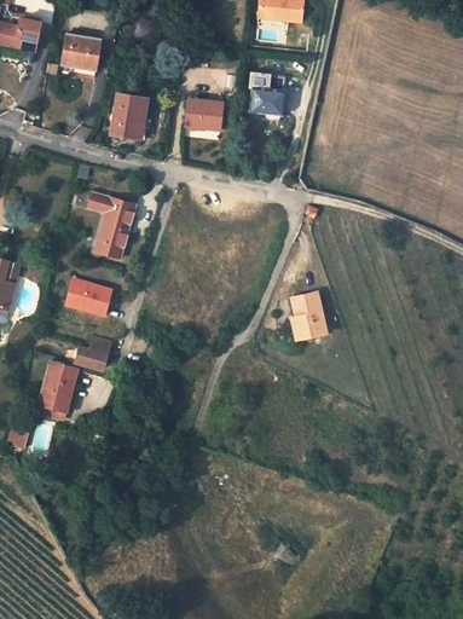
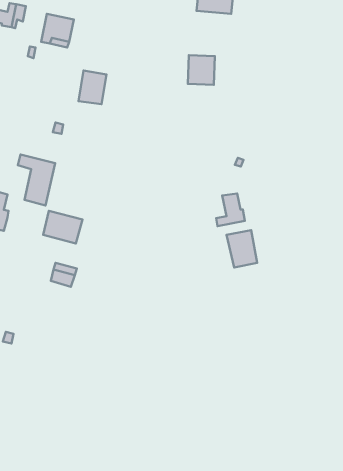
building: [184,106,221,135] -> none
building: [87,195,134,259] -> [18,155,55,206]
building: none -> [216,193,245,226]
building: [39,366,76,409] -> none

